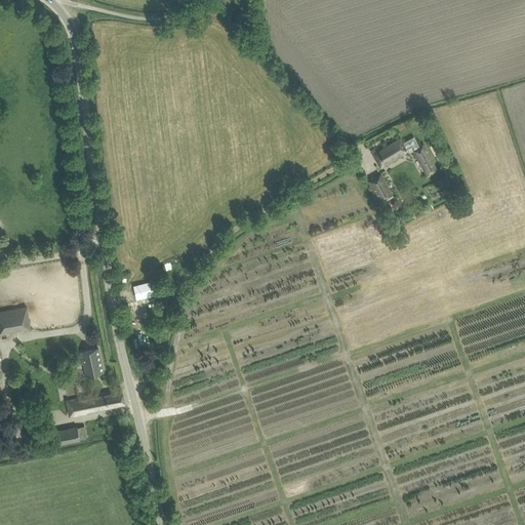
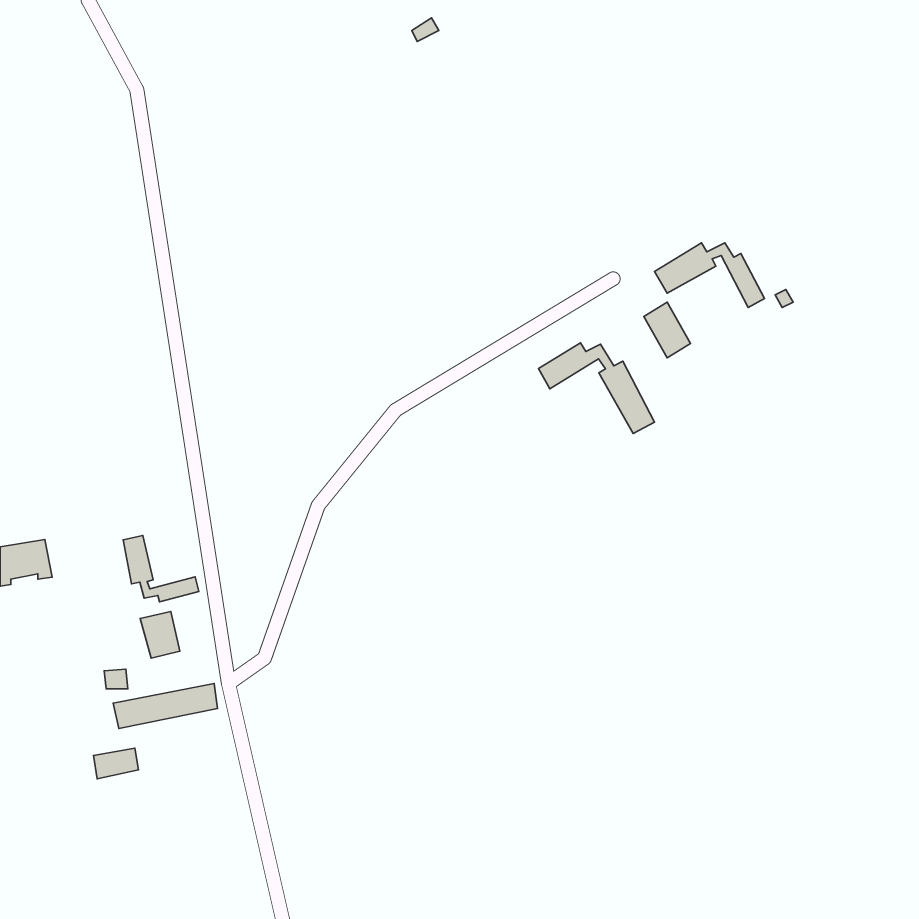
building: none -> [539,343,655,433]
building: none -> [123,536,199,602]

